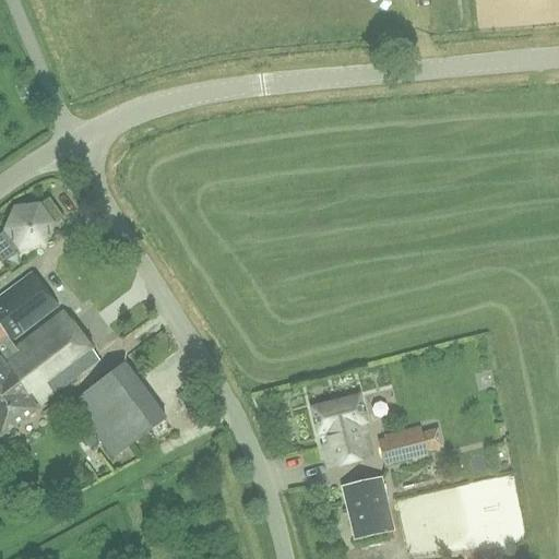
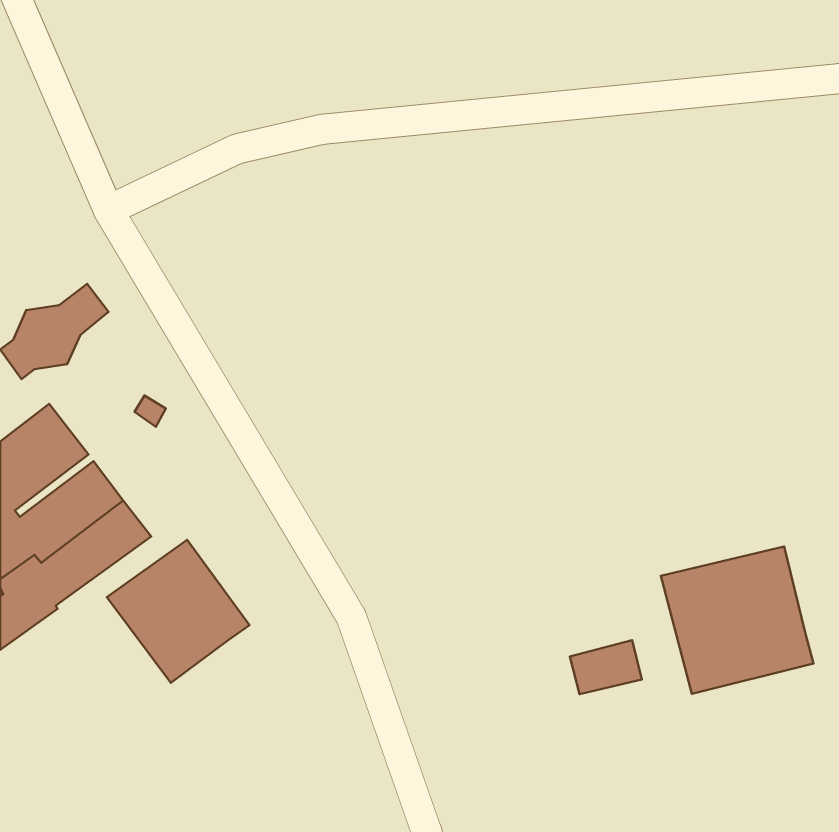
building: none -> [661,547,814,694]
building: [311,393,372,464] -> none
building: [342,474,392,536] -> none

